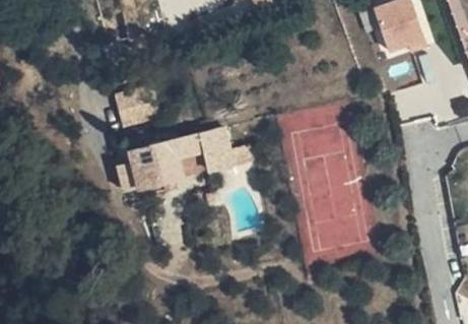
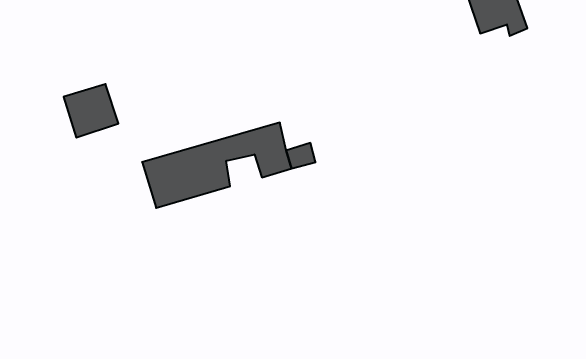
building: [114,85,157,128] -> [64,84,118,138]

